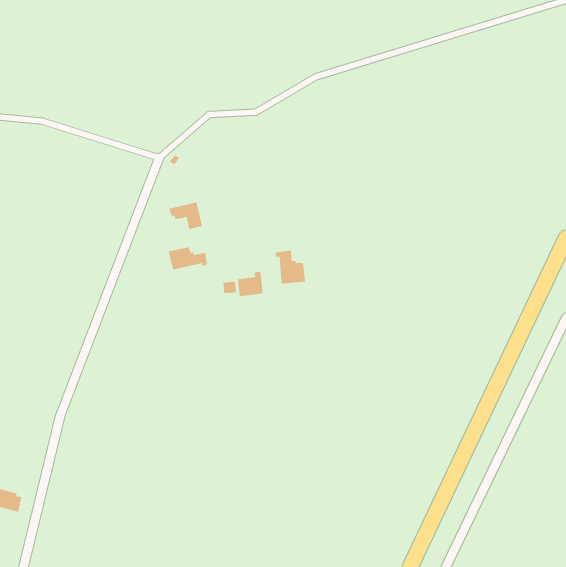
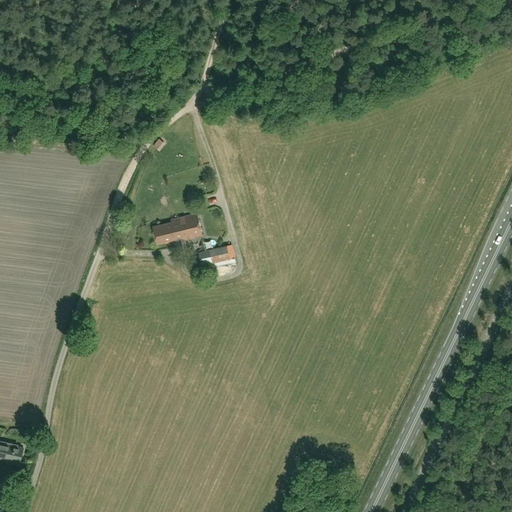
building: [168,202,203,230] -> [169,213,200,238]
building: [275,250,305,284] -> none

